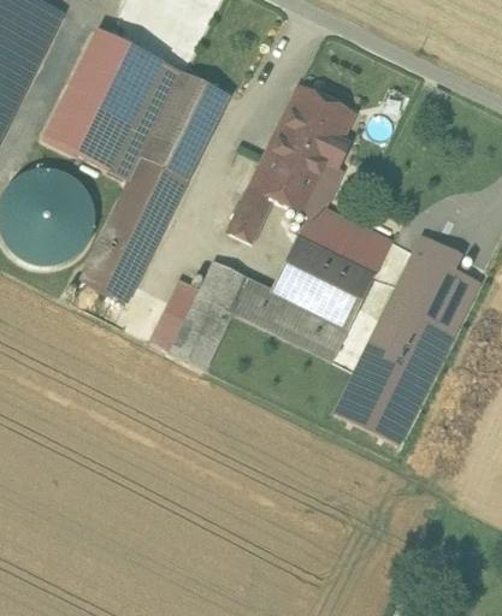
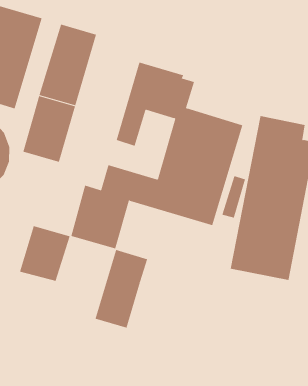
building: [108,61,184,180] -> none
building: [274,87,353,164] -> none
building: [81,225,153,301] -> [19,225,70,282]
building: none -> [95,249,148,328]

